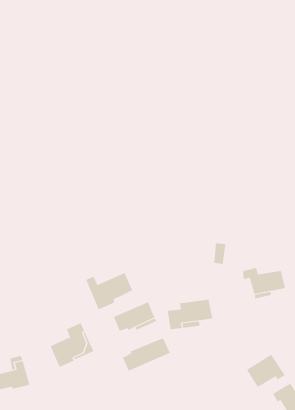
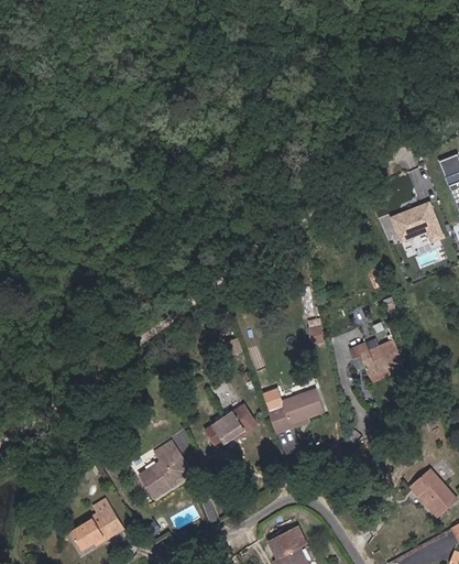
building: [86,272,133,310] -> none
building: [122,338,170,371] -> none
building: [246,354,285,388] -> none

